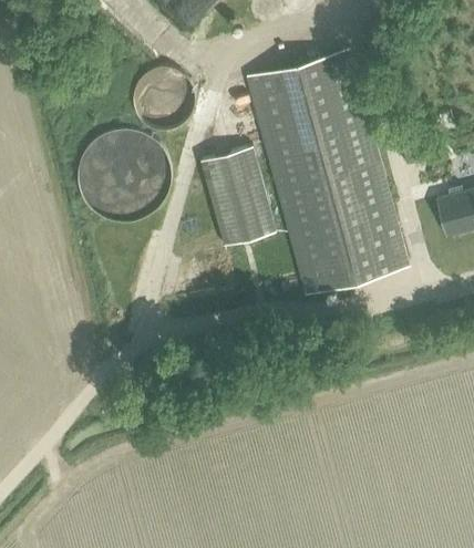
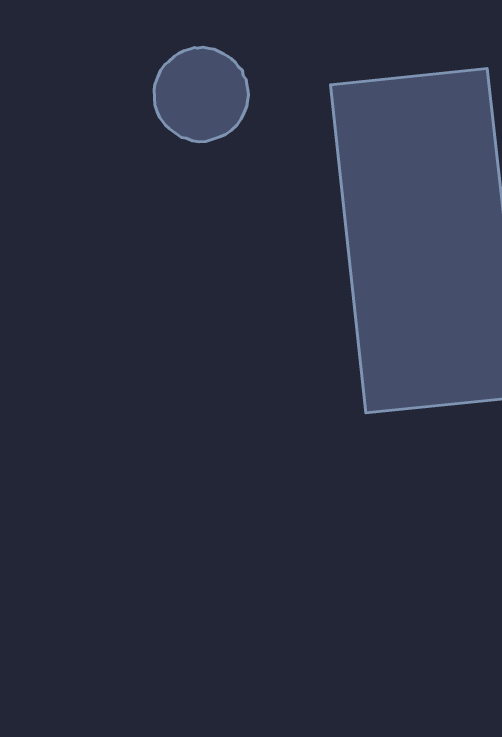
building: [78,137,172,231] -> none
building: [199,145,275,245] -> none

